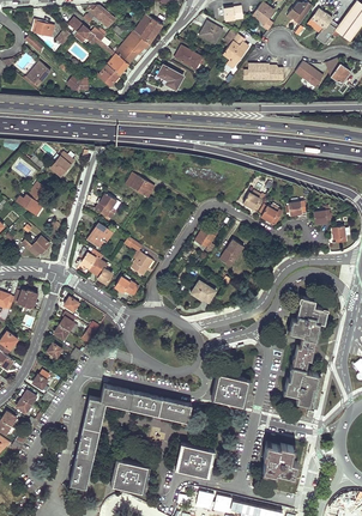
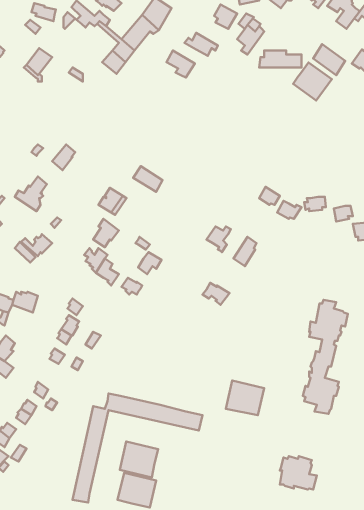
building: none -> [293,62,332,101]
building: [176,442,212,475] -> [120,442,158,477]

